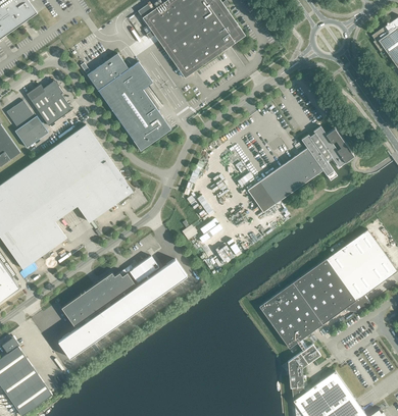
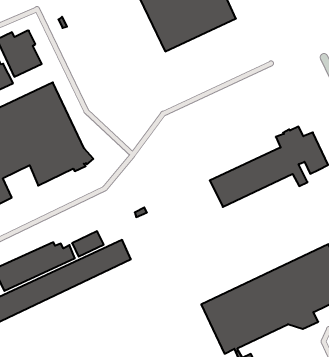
building: [87,53,171,150] -> none

